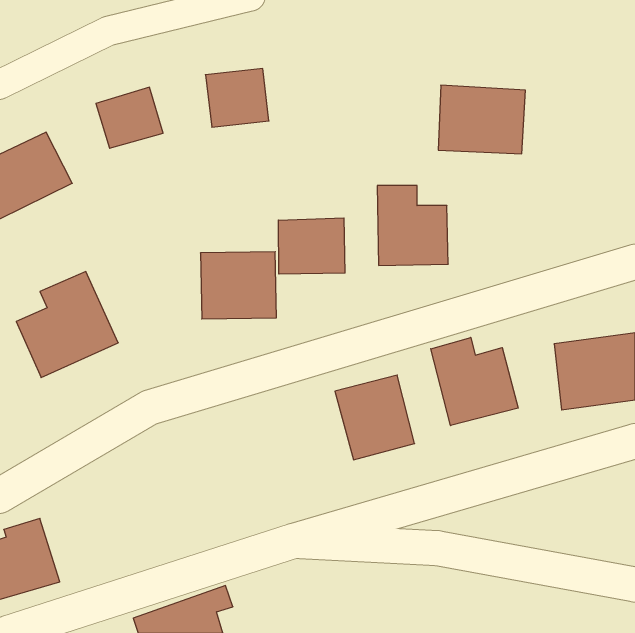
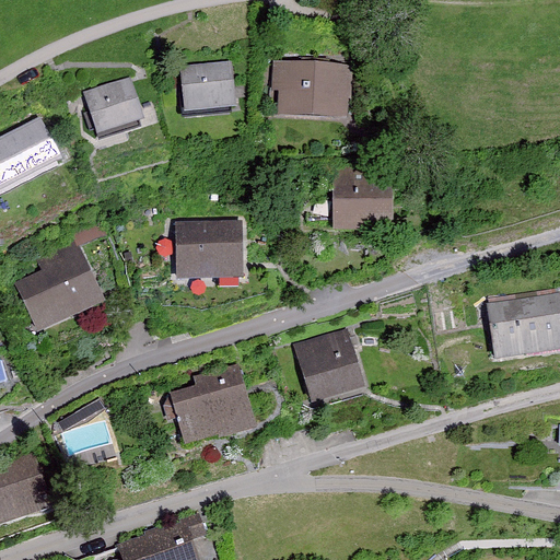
building: [438,85,525,154] -> [276,60,352,120]
building: [278,218,345,274] -> none
building: [431,337,518,426] -> none
building: none -> [170,363,255,446]

